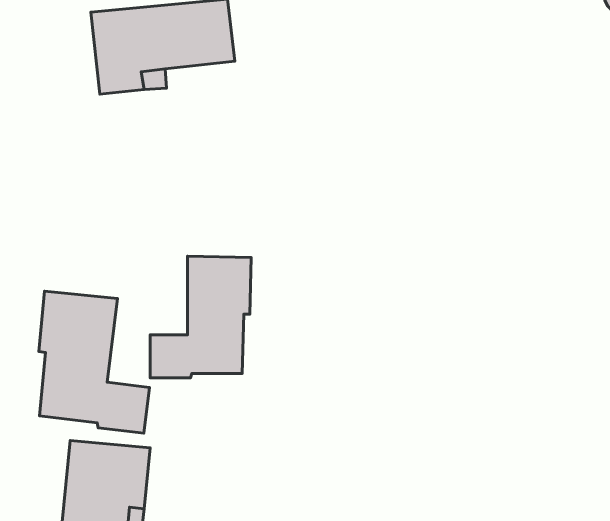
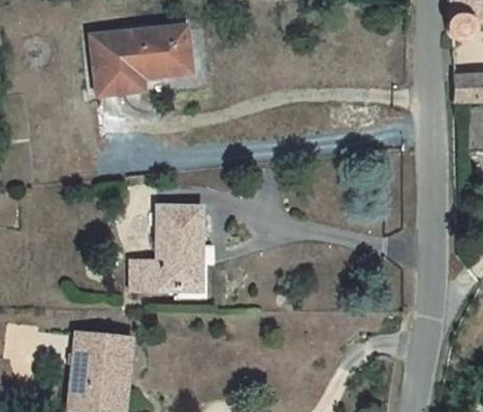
building: [39,291,150,433] -> none

